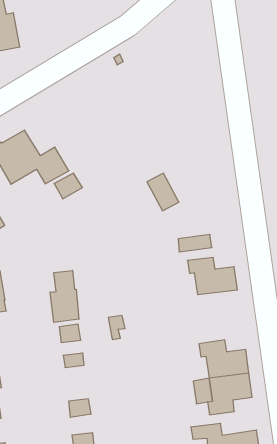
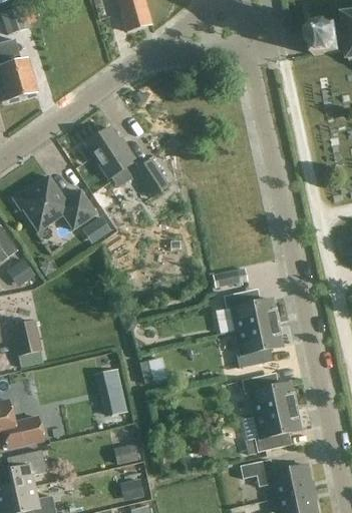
building: none -> [85,126,135,177]
building: [147,173,179,211] -> [133,158,167,196]
building: [50,270,79,322] -> none
building: none -> [237,322,282,368]

